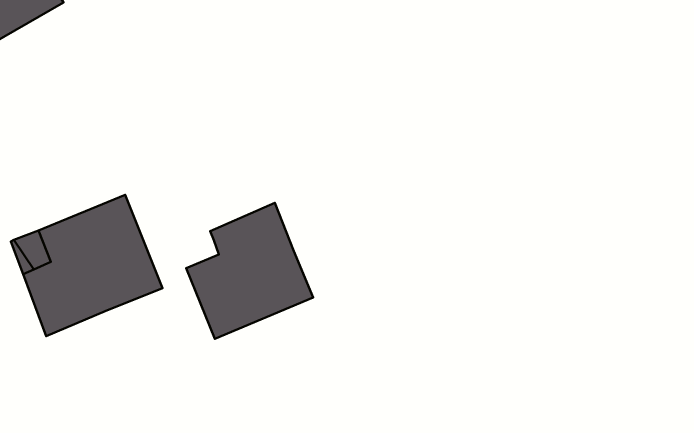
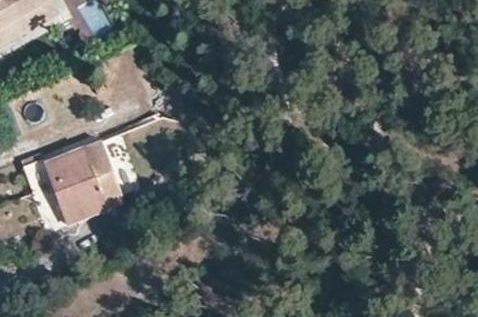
building: [186,203,313,339] -> none

